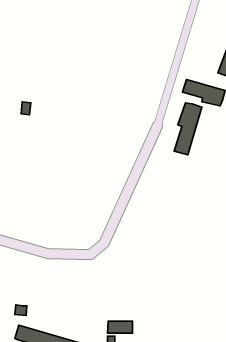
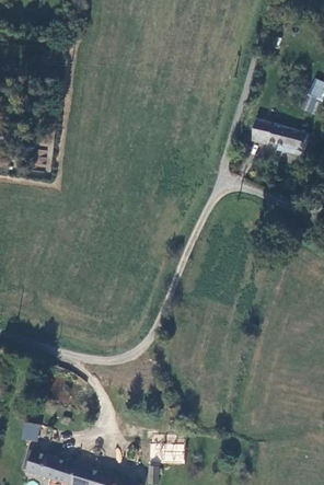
building: [174,103,202,155] -> none

